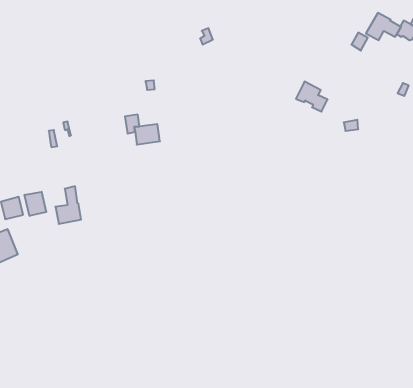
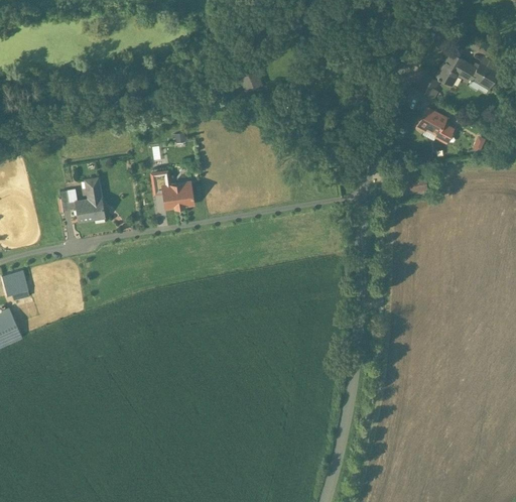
building: [296,82,328,112] -> [416,109,454,144]
building: [55,186,81,224] -> [76,177,106,222]
building: [25,192,46,216] -> none

